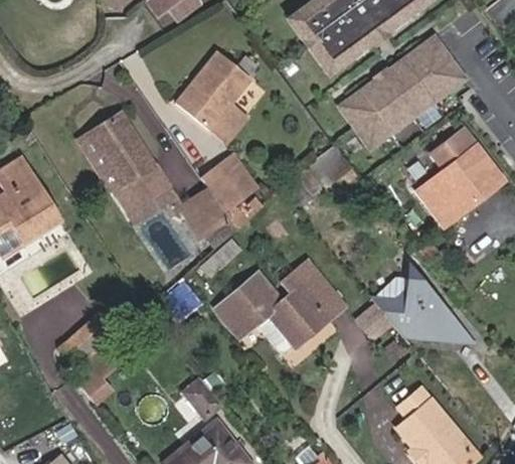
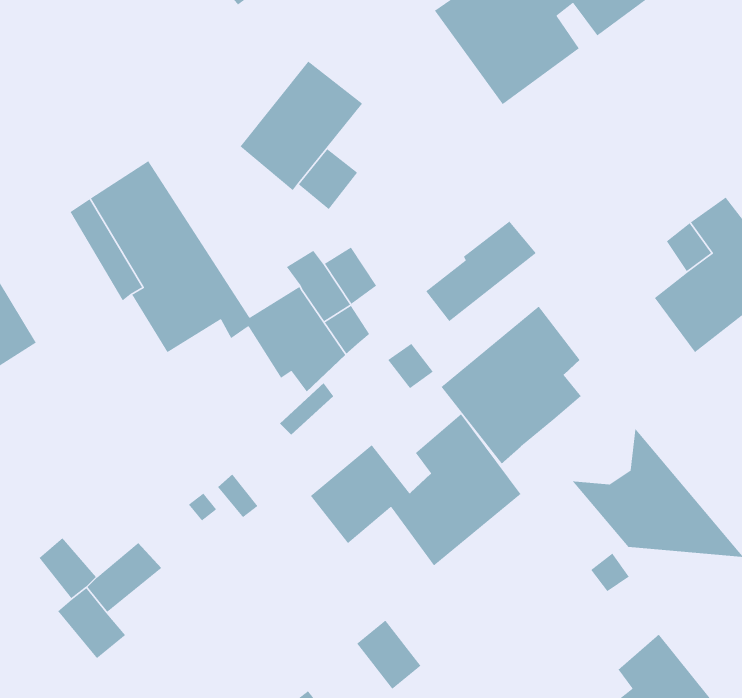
building: [343,41,467,151] -> none
building: none -> [440,306,582,465]
building: [183,377,221,419] -> [356,619,422,690]

